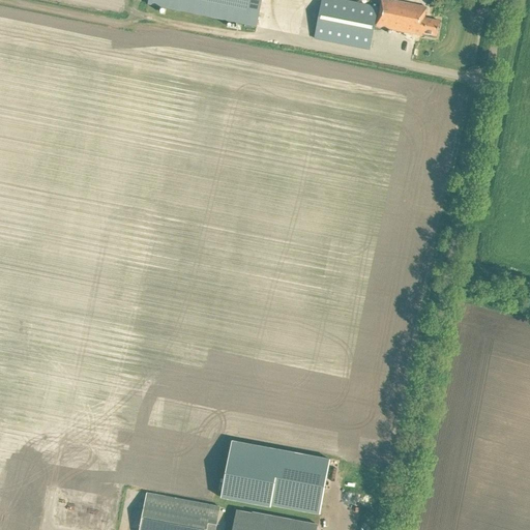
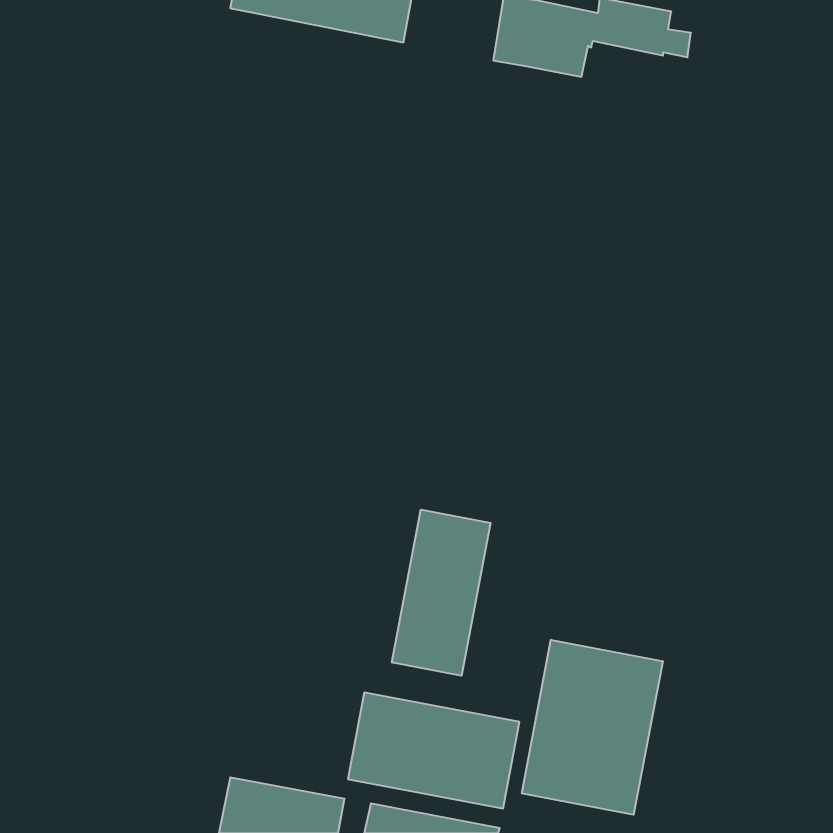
building: none -> [392,510,491,676]
building: none -> [522,640,663,815]

